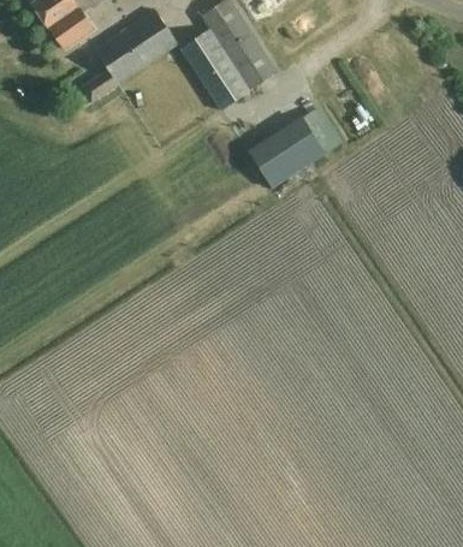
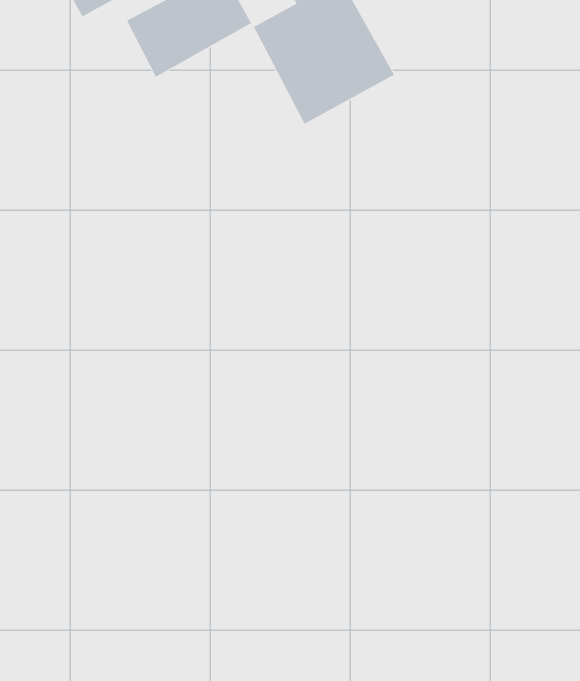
building: [256,120,328,183] -> none

